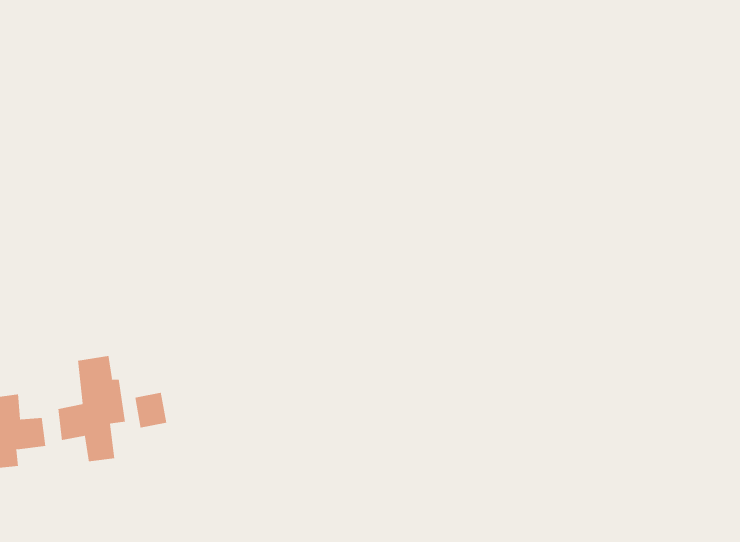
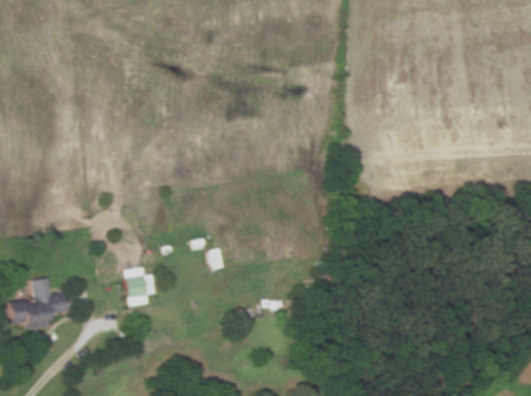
building: [58,355,125,462] -> none

